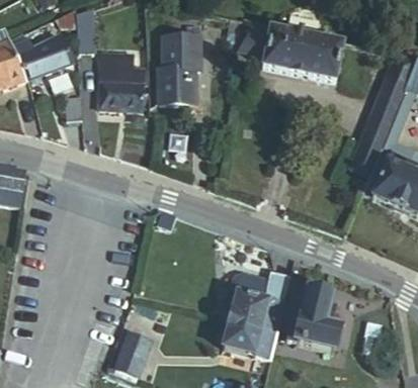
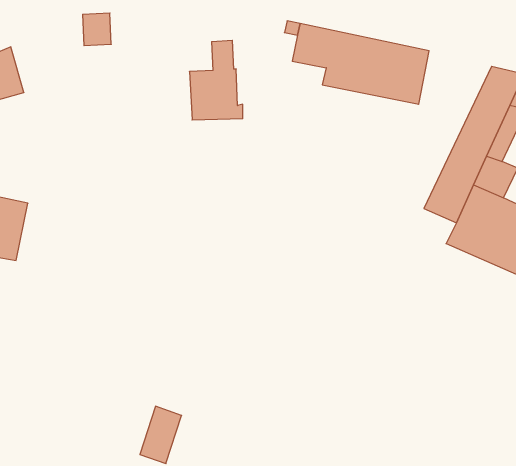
building: [21,36,74,77] -> none
building: [103,45,143,106] -> none
building: [220,282,280,349] -> none
building: [292,285,339,344] -> none

